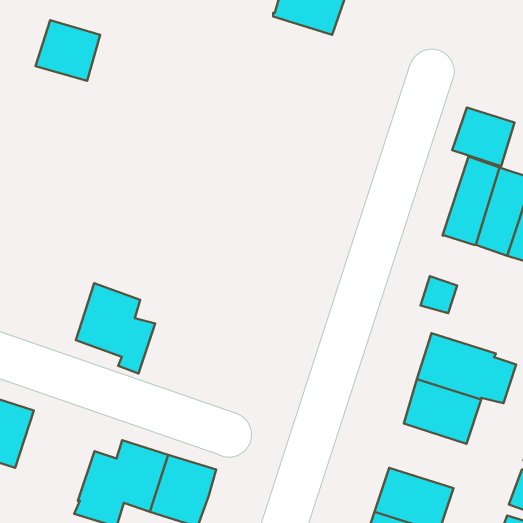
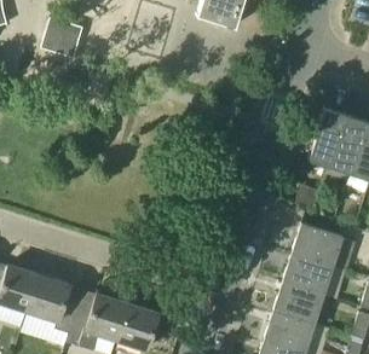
building: [452,107,515,166] -> none
building: [76,283,155,373] -> [27,273,79,332]
building: none -> [272,282,323,324]

